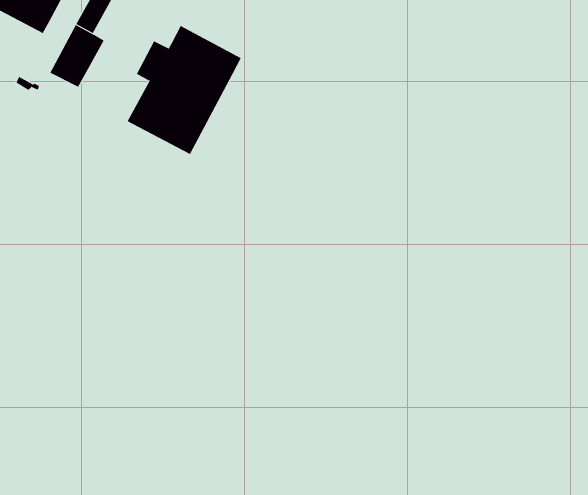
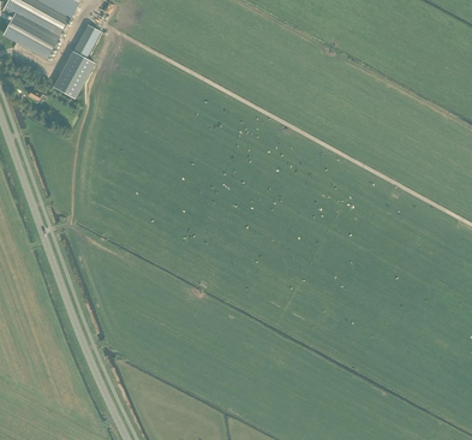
building: [127,25,242,155] -> none

